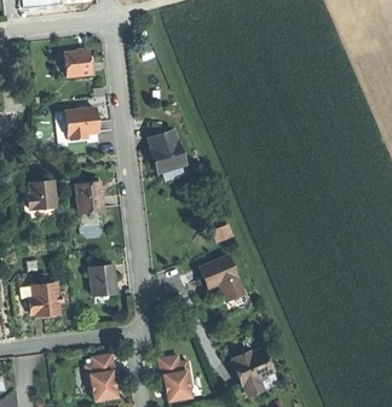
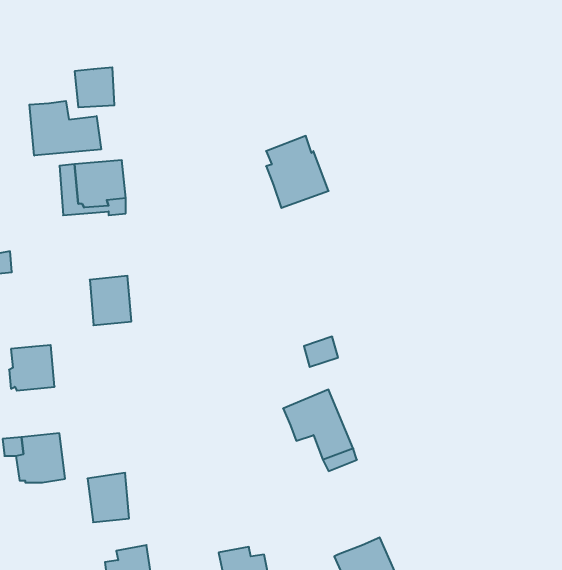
building: none -> [29,101,101,156]
building: [150,128,190,174] -> [266,136,329,208]
building: [28,180,57,209] -> [9,345,55,391]
building: [90,263,116,295] -> [87,473,129,522]

